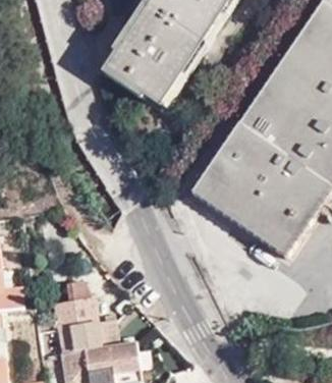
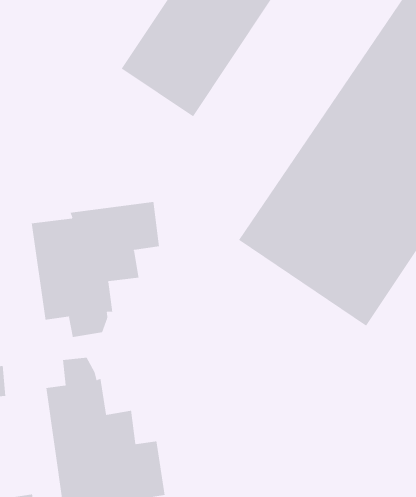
building: none -> [31,201,159,338]

